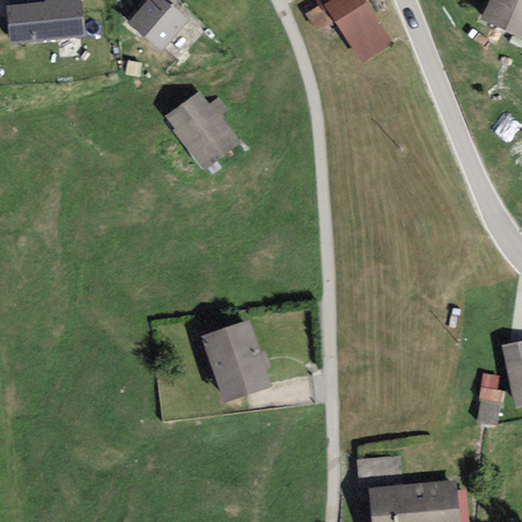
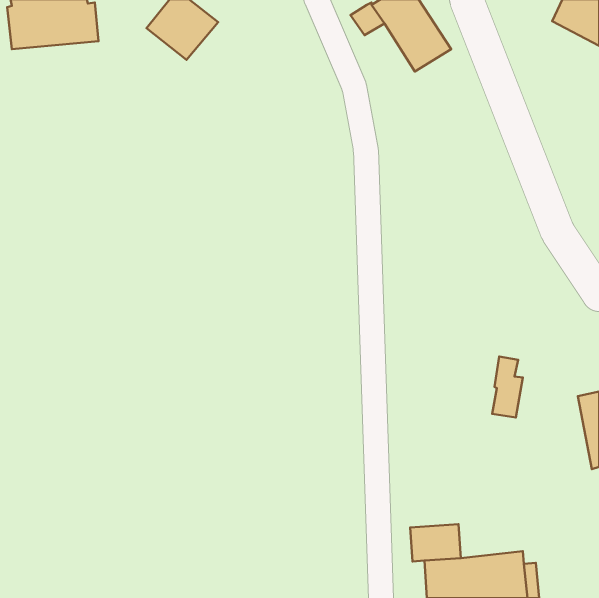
building: [165,90,242,170] -> none
building: [201,319,272,403] -> none
building: [476,372,503,425] -> [492,356,523,417]

